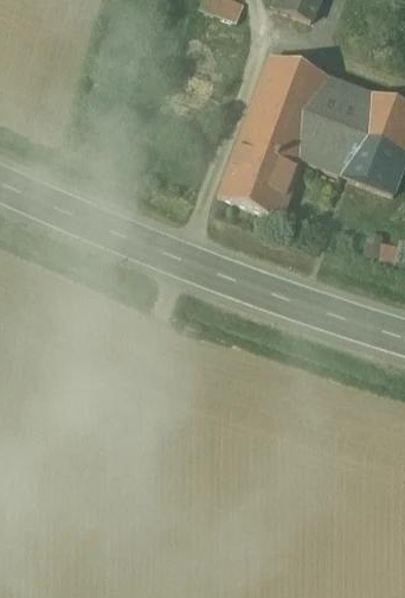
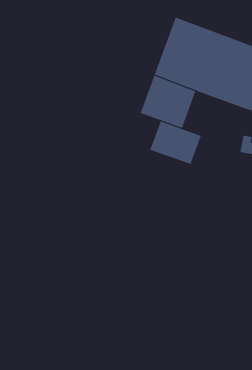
building: none -> [149,121,201,165]

